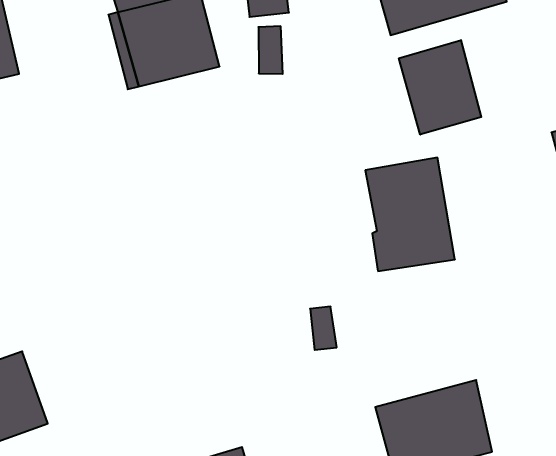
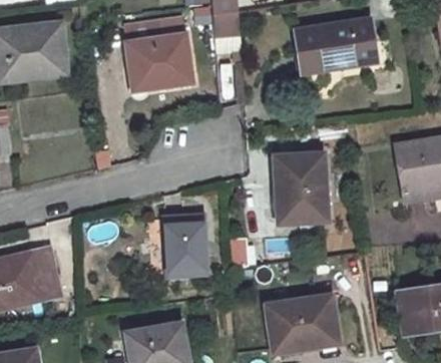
building: [399,40,481,135] -> none
building: none -> [164,216,206,274]

